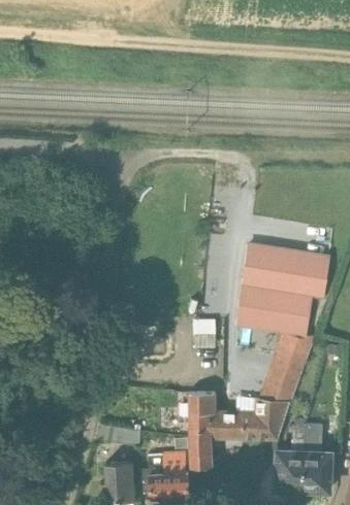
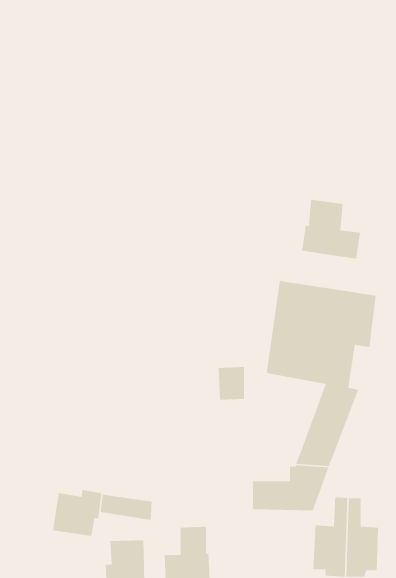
building: none -> [301,199,361,260]
building: [190,396,224,470] -> none
building: none -> [52,489,102,537]

